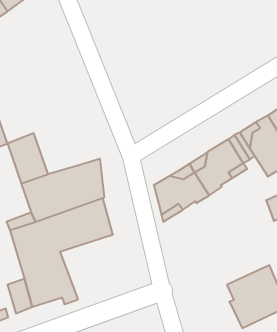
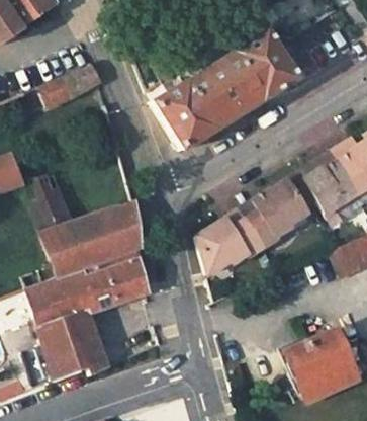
building: none -> [153,32,295,151]
building: none -> [42,67,100,107]

